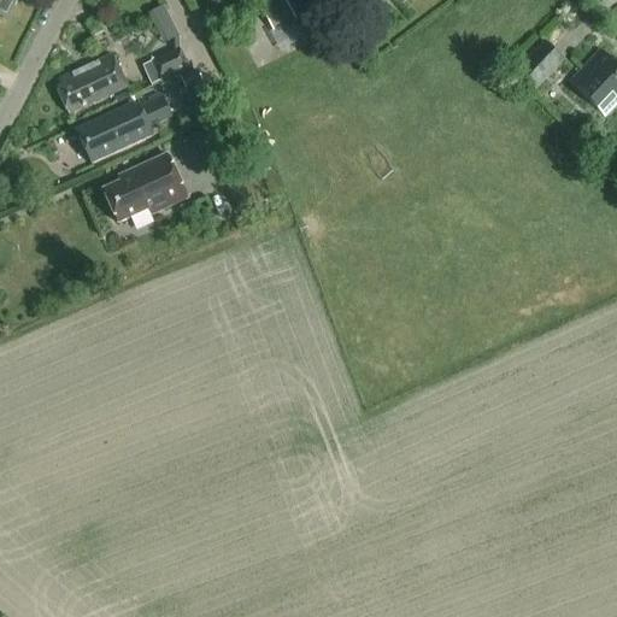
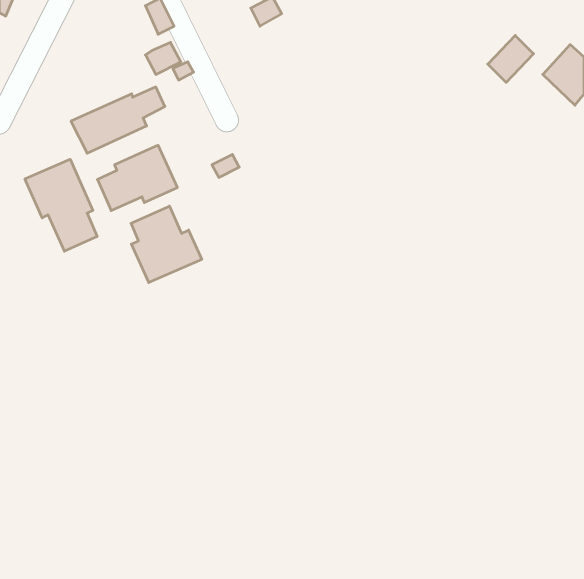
building: [55,52,127,111] -> none
building: none -> [25,159,97,251]
building: none -> [131,206,202,283]

